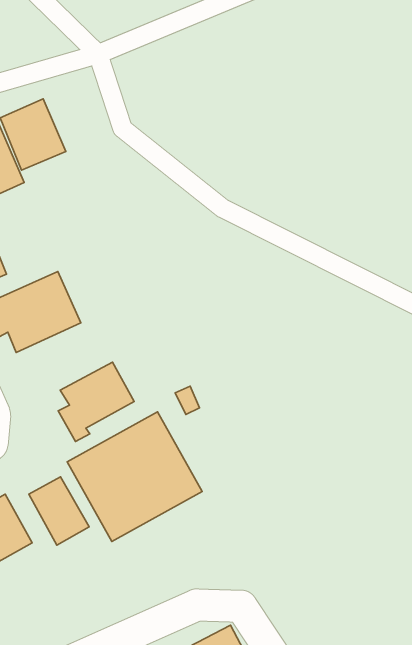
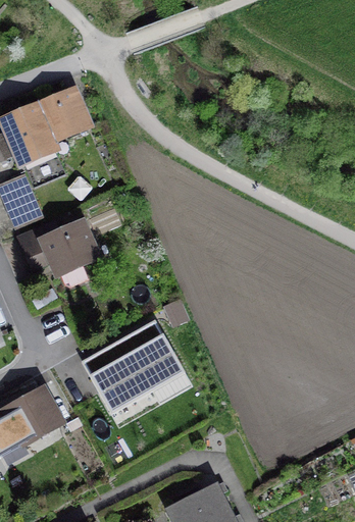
building: [58,362,134,441] -> none
building: [29,477,89,545] -> none

